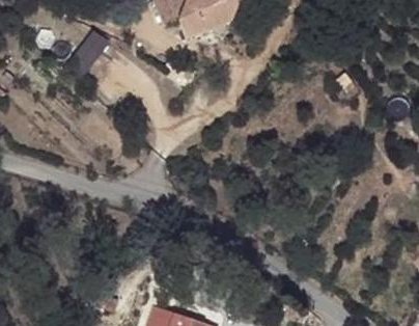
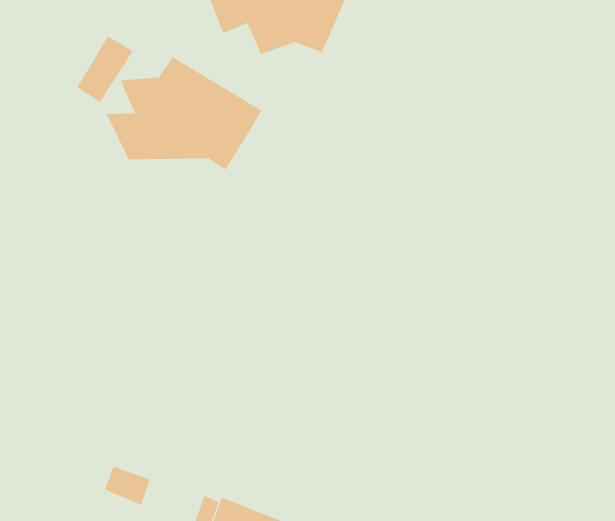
building: none -> [106,57,262,171]

